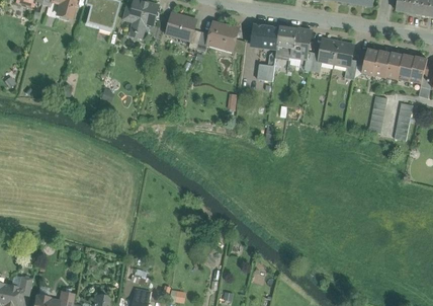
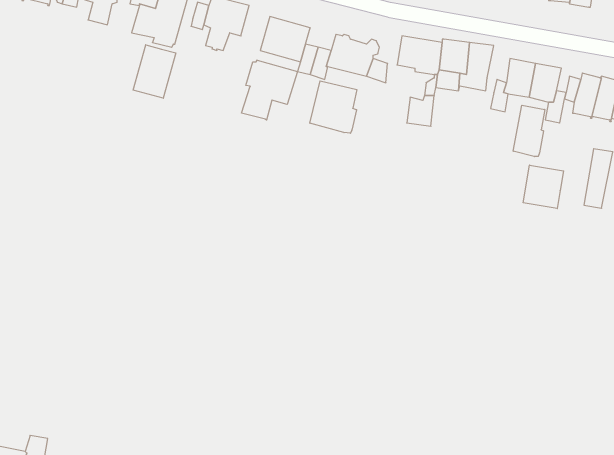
building: none -> [133,45,176,98]
building: none -> [242,60,297,120]
building: none -> [310,81,357,133]
building: none -> [513,105,545,157]
building: none -> [523,165,564,209]

